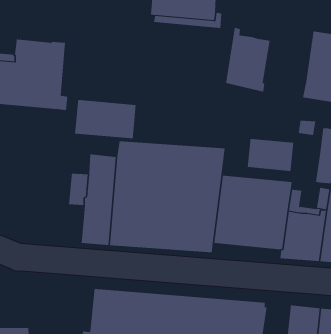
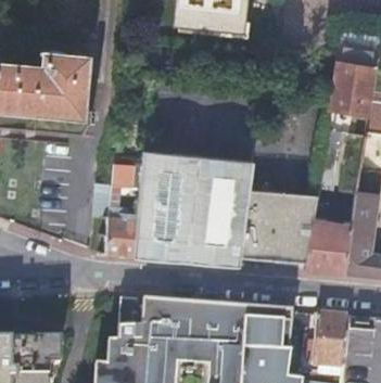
building: [225,27,270,92] -> none
building: [75,99,136,139] -> none
building: [247,138,294,172] -> none

